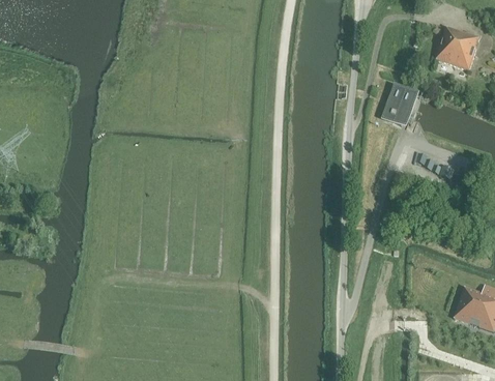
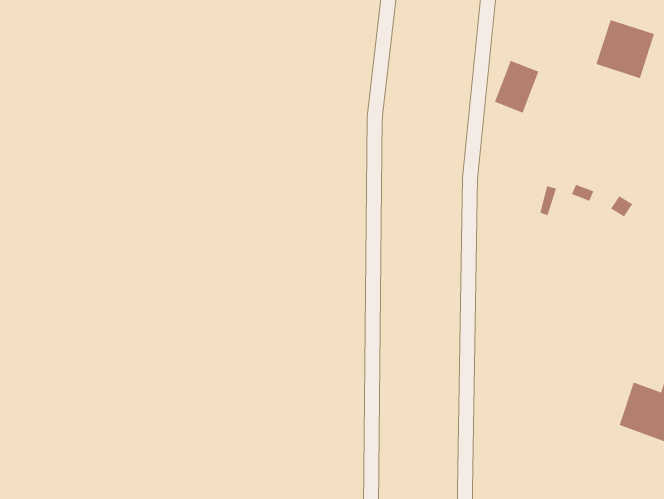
building: [383,88,415,126] -> [494,60,539,113]

